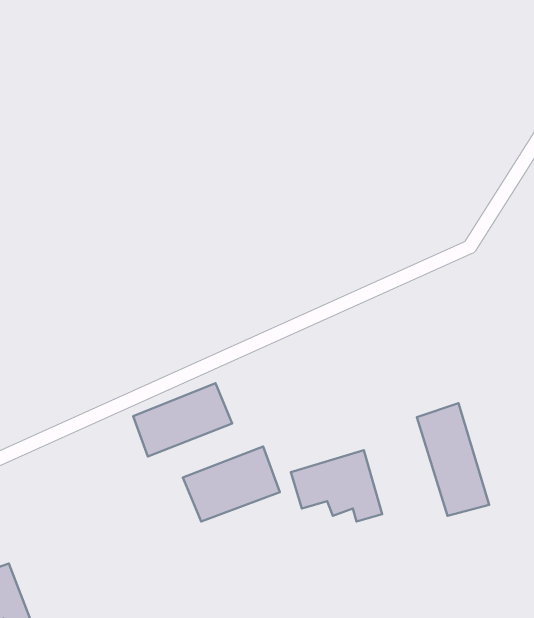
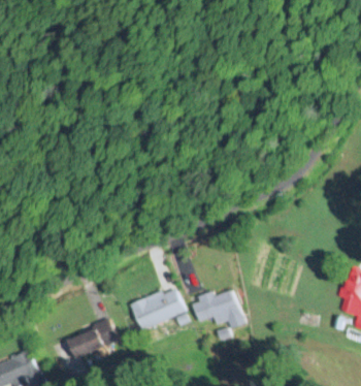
building: [133,383,232,456] -> [63,320,119,361]
building: [417,403,489,516] -> none

